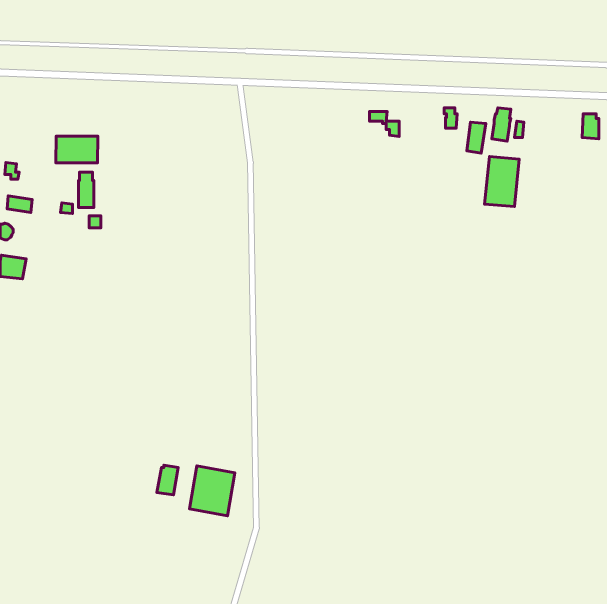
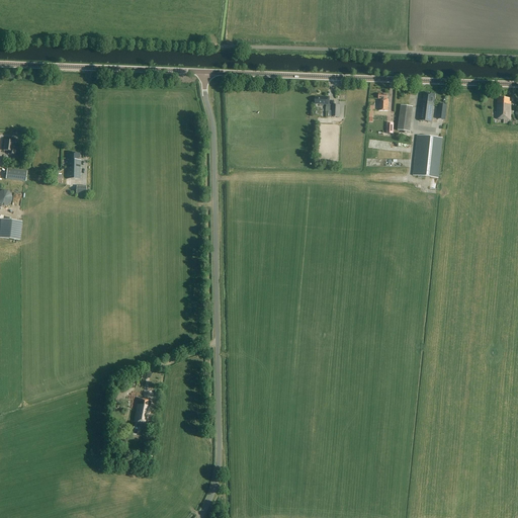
building: [56,136,98,163] -> none
building: [189,466,235,516] -> none

